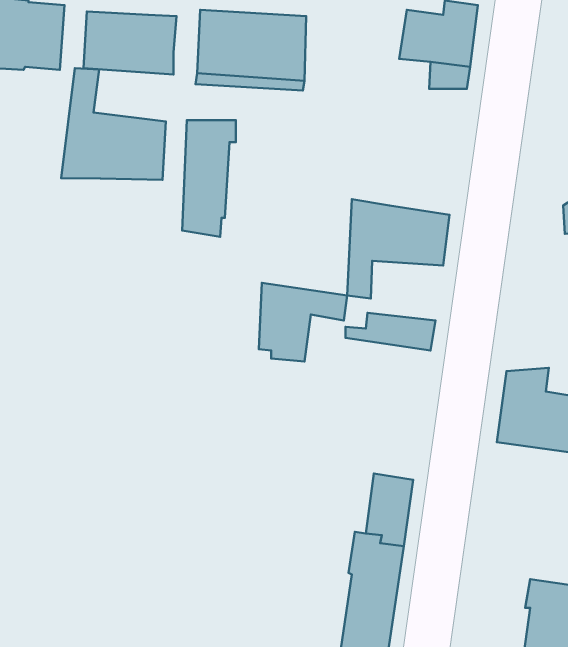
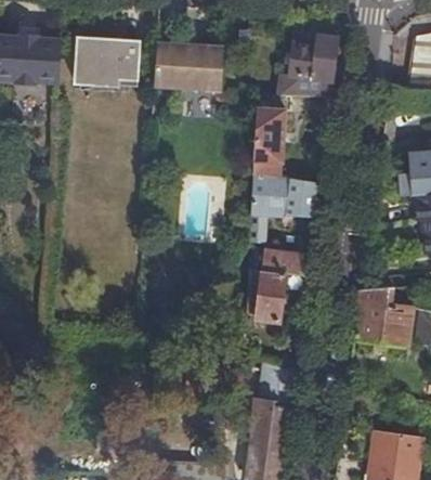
building: [61,68,166,180] -> none
building: [182,120,236,237] -> [253,95,290,176]
building: [259,283,347,362] -> [247,267,308,321]

